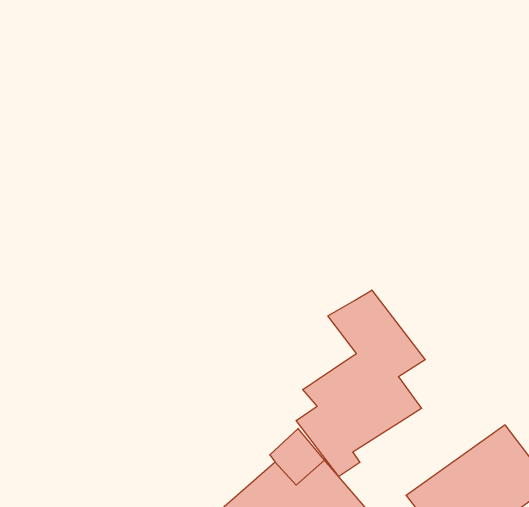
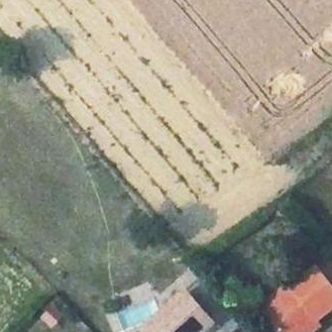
building: [296,290,425,477] -> none

